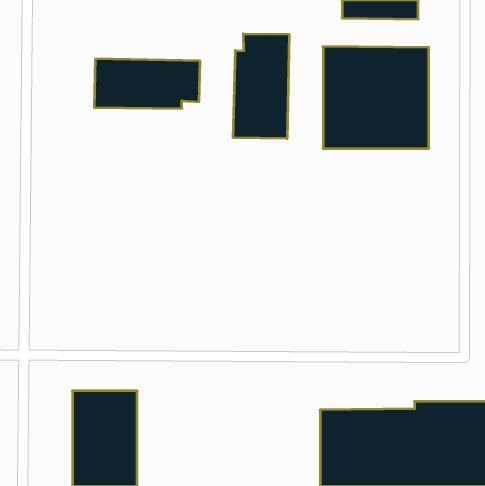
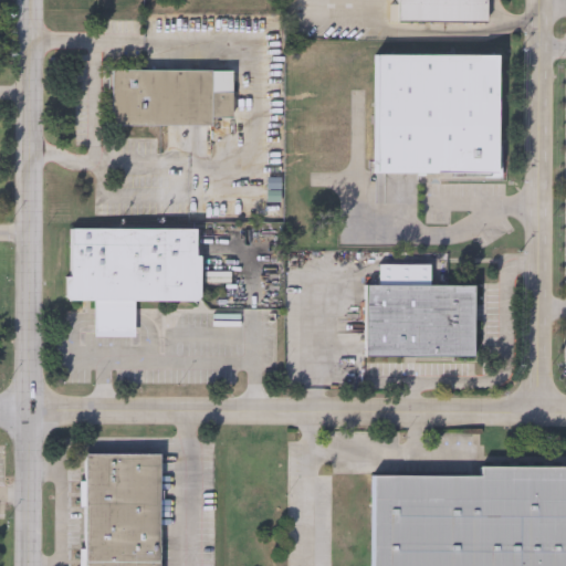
building: [233,34,289,139] -> none
building: none -> [71,229,200,336]
building: none -> [367,264,475,356]

